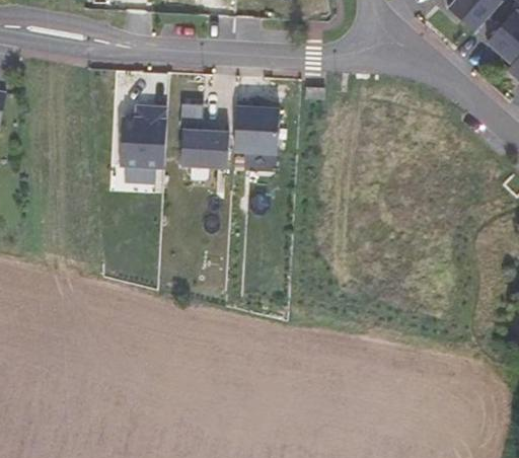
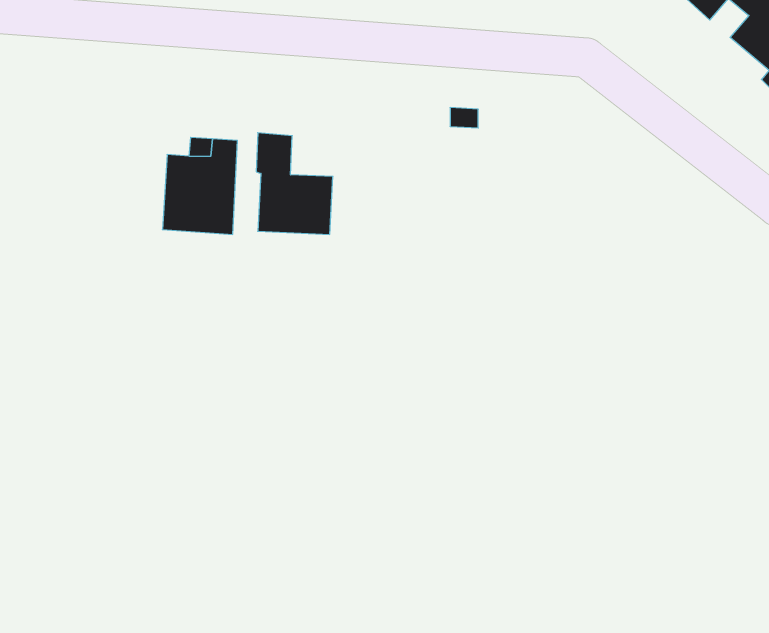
building: [234,100,279,153] -> none

